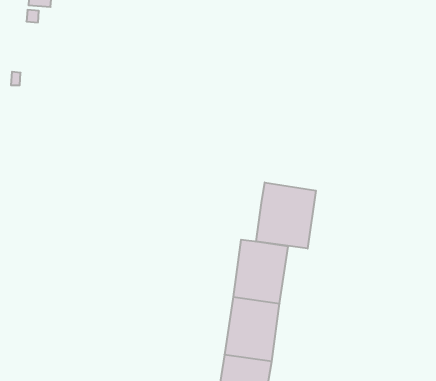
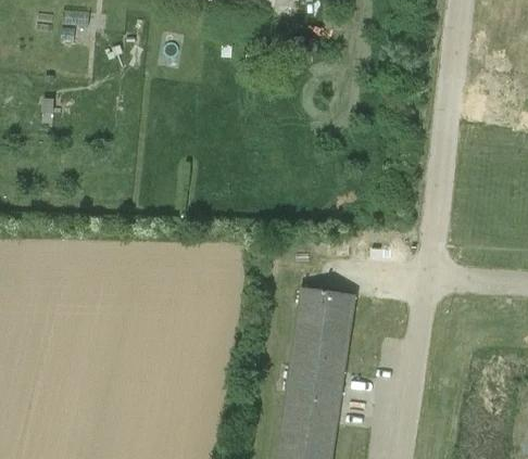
building: [256,182,316,249] -> none

